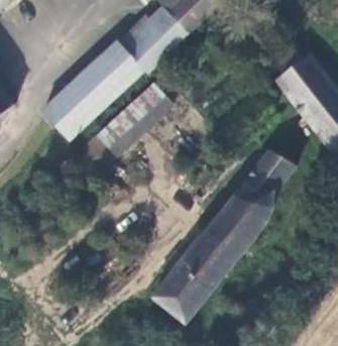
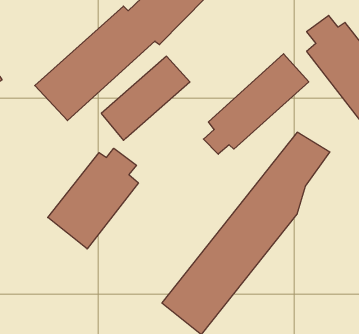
building: none -> [203,54,309,154]
building: none -> [48,148,138,249]

